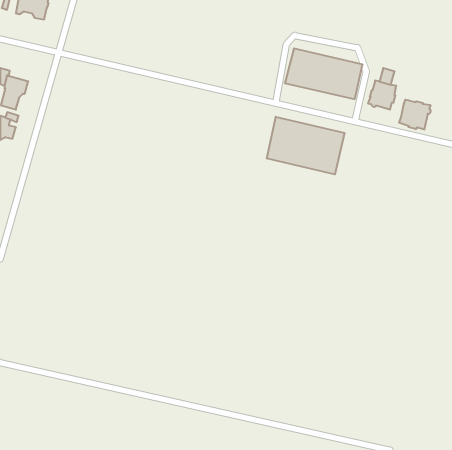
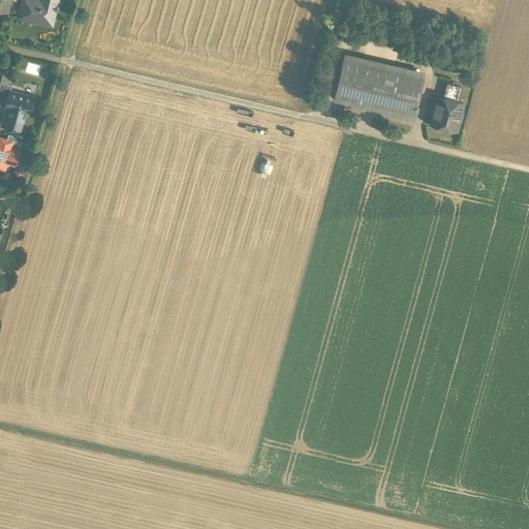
building: [399,100,430,130] -> none
building: [267,117,345,174] -> none

